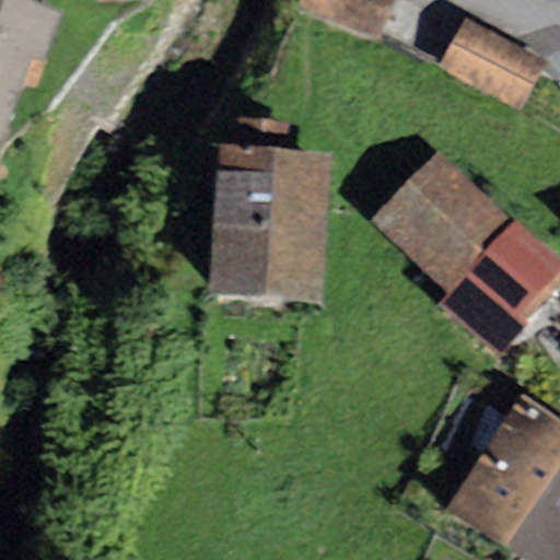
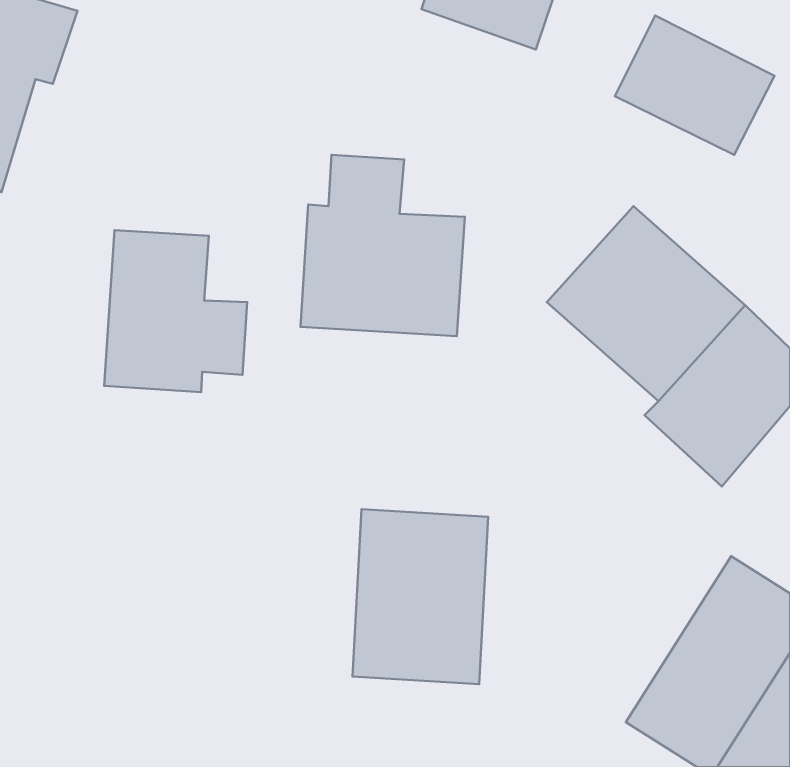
building: none -> [104,230,247,392]
building: [208,231,323,307] -> none
building: none -> [352,509,488,684]

